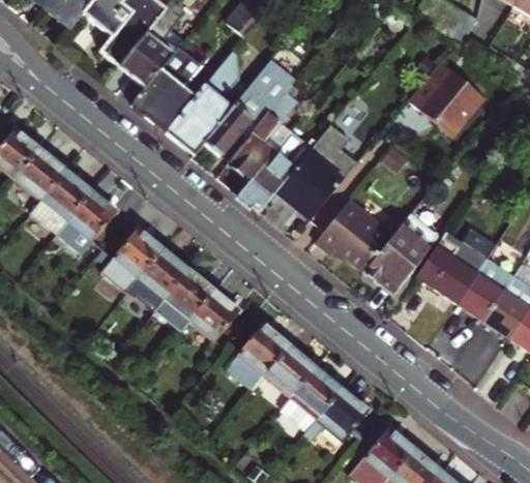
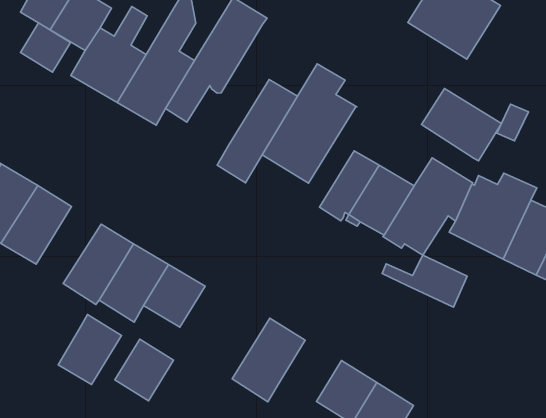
building: none -> [21,23,71,72]
building: [230,86,297,180] -> none
building: none -> [421,89,501,161]
building: [190,291,240,341] -> [115,339,174,401]
building: none -> [382,255,467,307]
building: none -> [58,315,122,385]
building: [266,345,317,396] -> none

